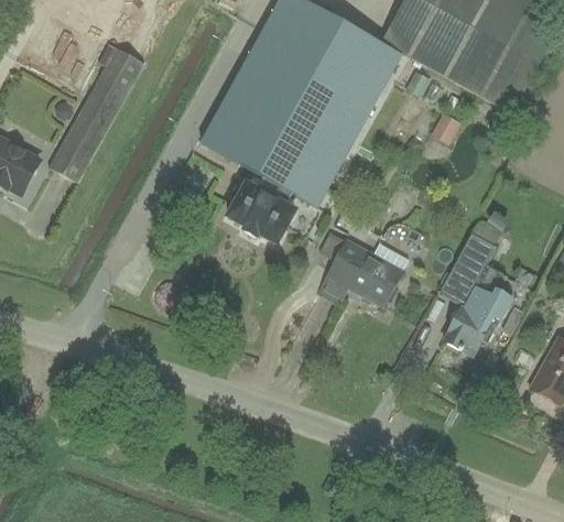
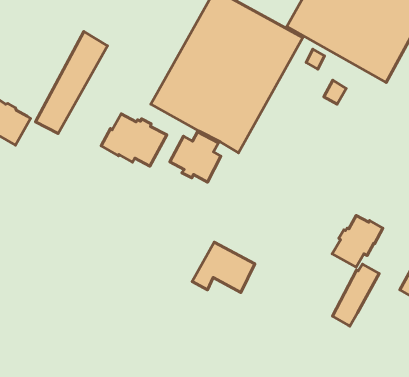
building: none -> [101,114,167,166]
building: [440,224,501,305] -> [332,264,379,326]
building: [317,241,400,307] -> [192,242,255,292]

